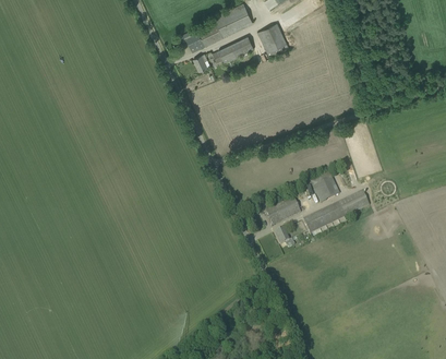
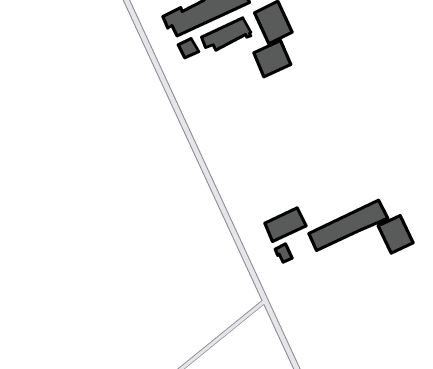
building: none -> [254,40,291,77]
building: [309,171,338,203] -> [378,216,413,253]

